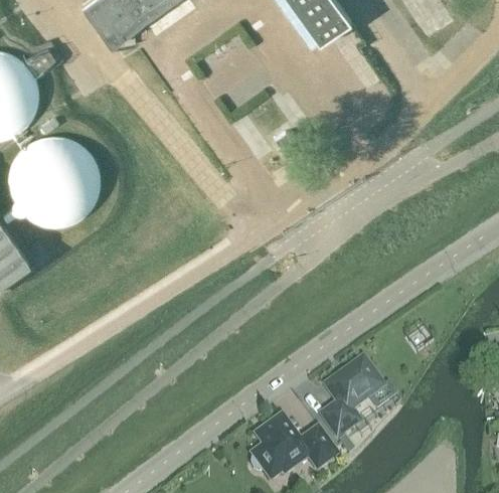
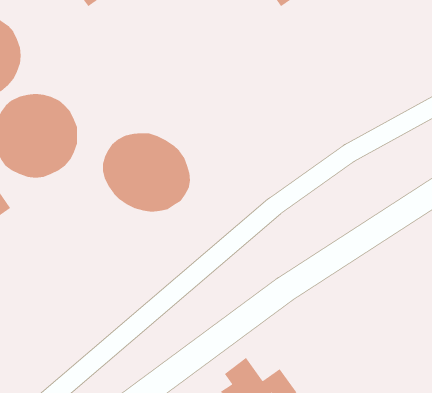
building: none -> [102,132,191,212]
building: [321,361,382,439] -> none

